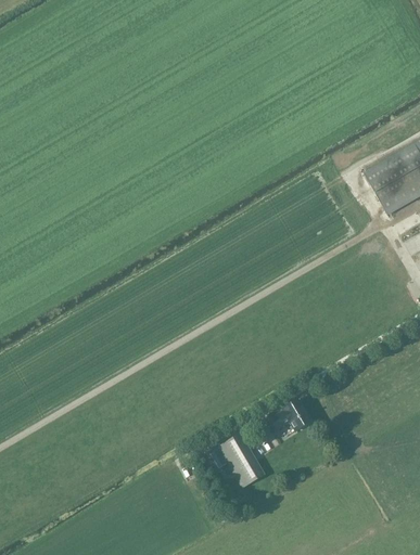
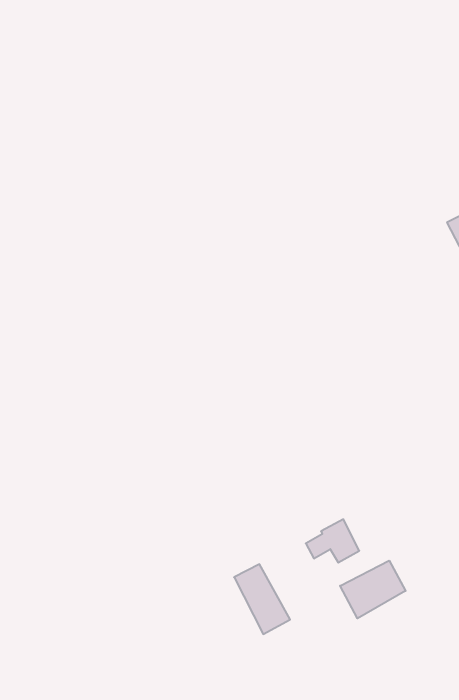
building: none -> [340,561,406,618]

